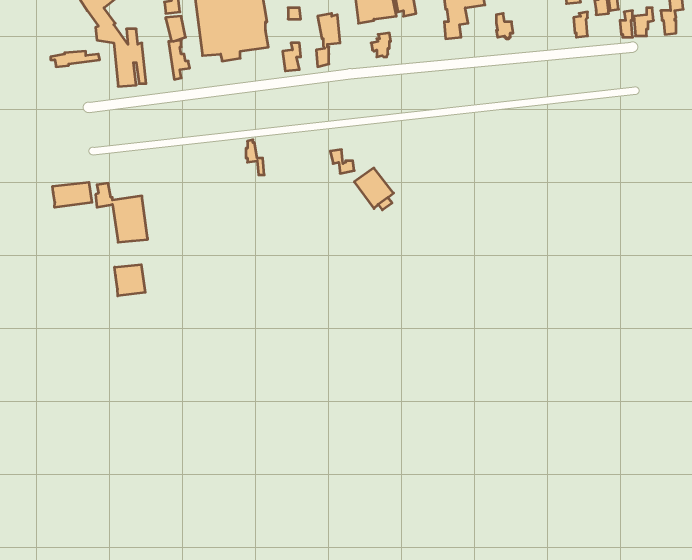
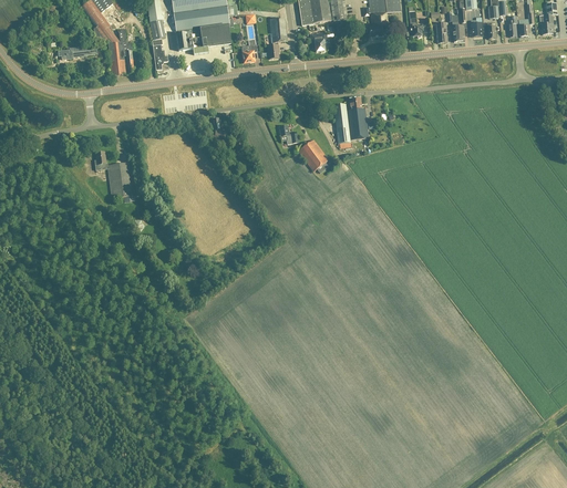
building: none -> [332,95,367,142]
building: [53,182,92,207] -> none
building: [115,265,145,296] -> none

